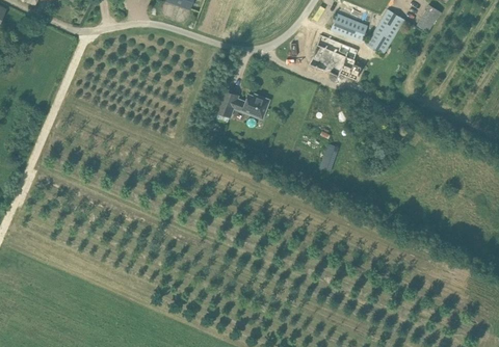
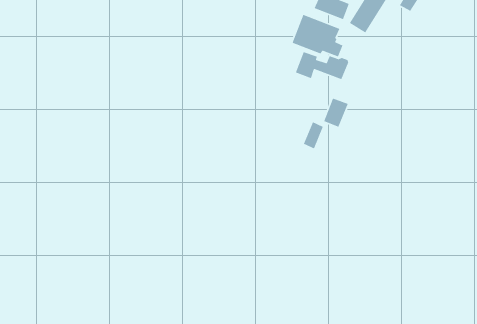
building: [214,90,268,119] -> [295,51,349,80]
building: none -> [323,98,349,128]

